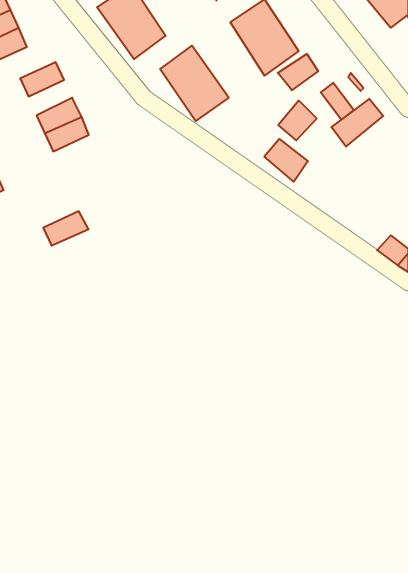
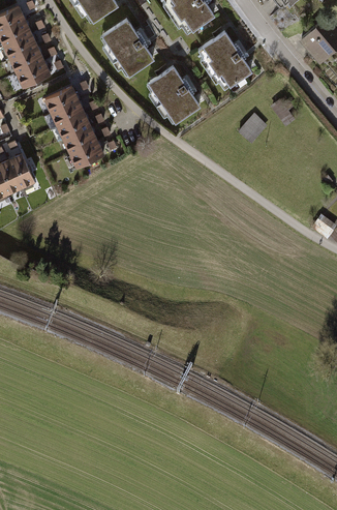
building: [278,54,318,90] -> none
building: none -> [50,96,83,123]
building: [331,99,383,147] -> none
building: [264,139,308,182] -> none
building: [43,211,89,246] -> [68,138,102,163]

